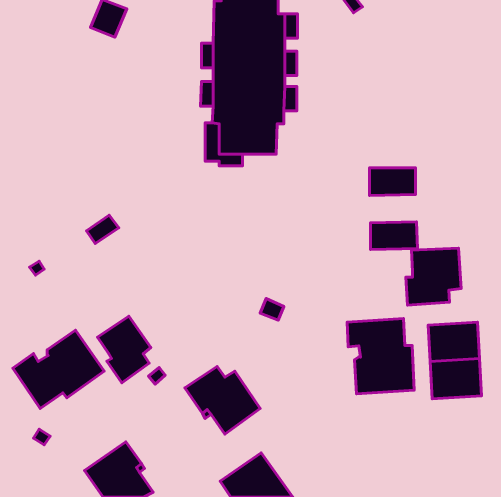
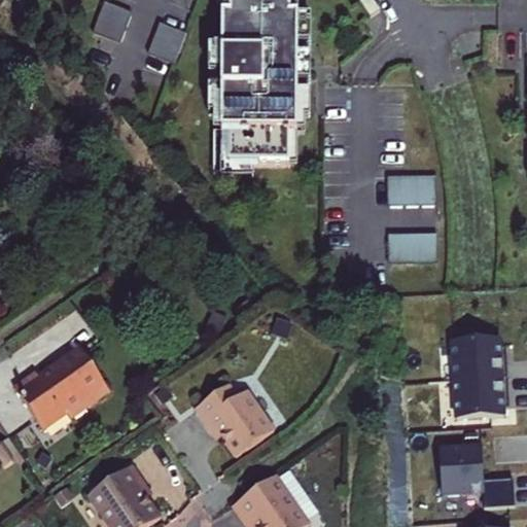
building: none -> [148,21,187,61]
building: [406,248,461,305] -> none
building: [97,316,151,383] -> none
building: [347,319,414,394] -> none
building: none -> [438,446,515,505]

